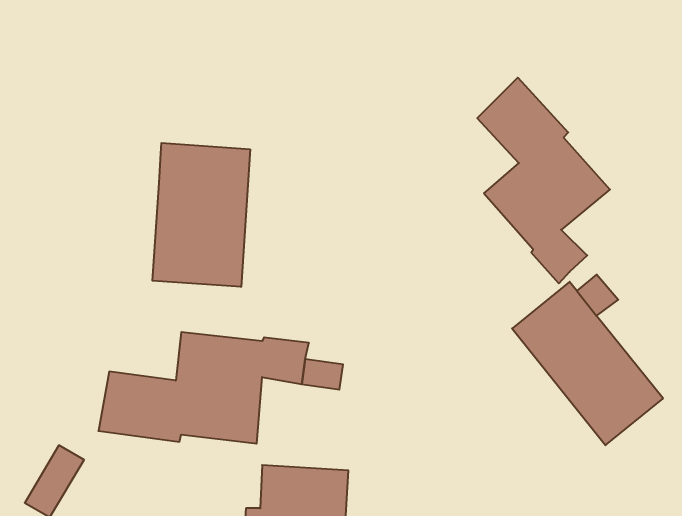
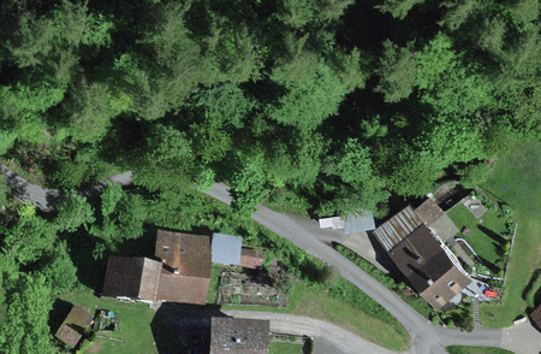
building: [477,78,610,283] -> none
building: [152,143,250,287] -> none

